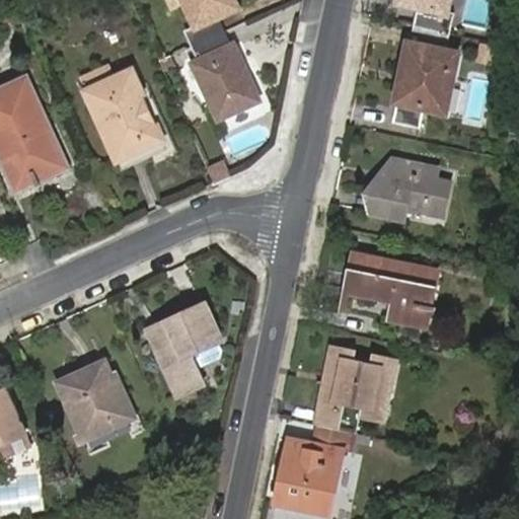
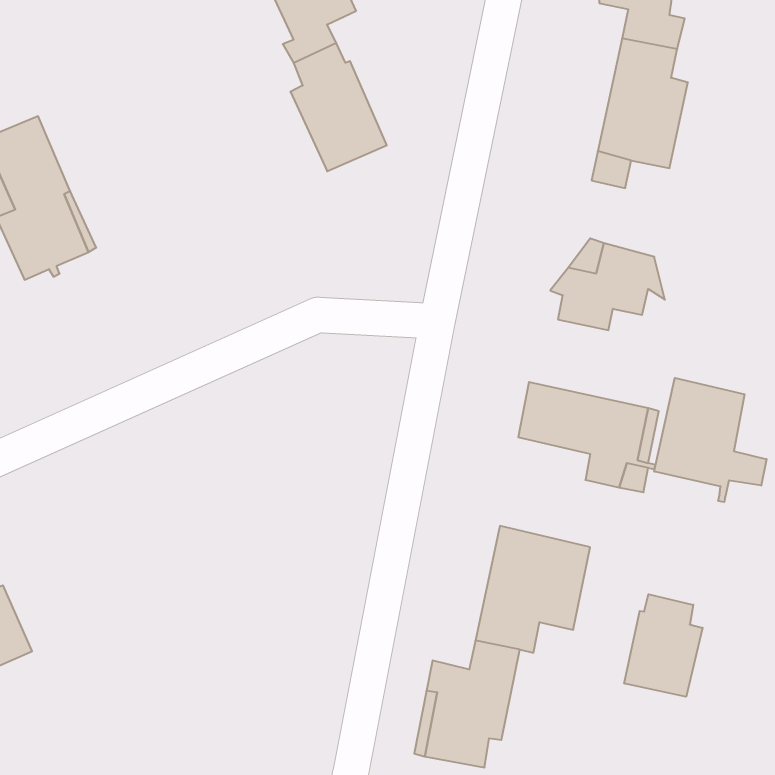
building: [85,71,177,158] -> none
building: none -> [654,378,767,502]
building: [145,304,217,393] -> none
building: [54,362,130,448] -> none
building: none -> [624,594,703,697]

